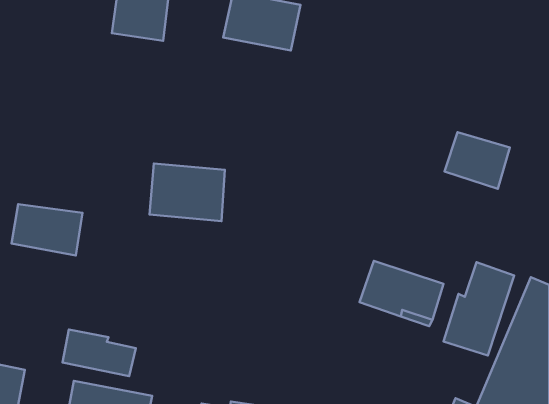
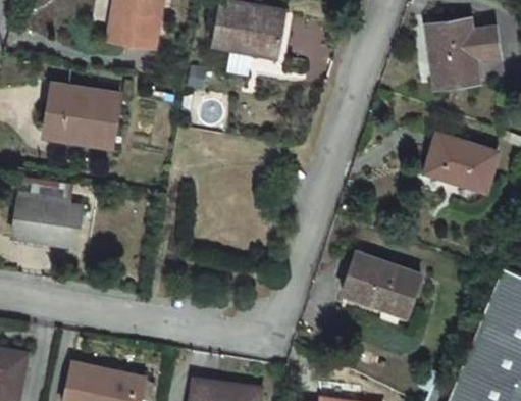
building: none -> [423,17,502,86]
building: [150,163,225,221] -> [48,95,118,149]
building: [443,262,514,355] -> none
building: [63,329,136,376] -> none

